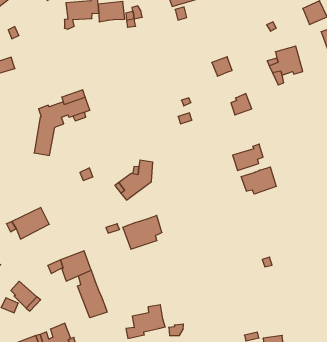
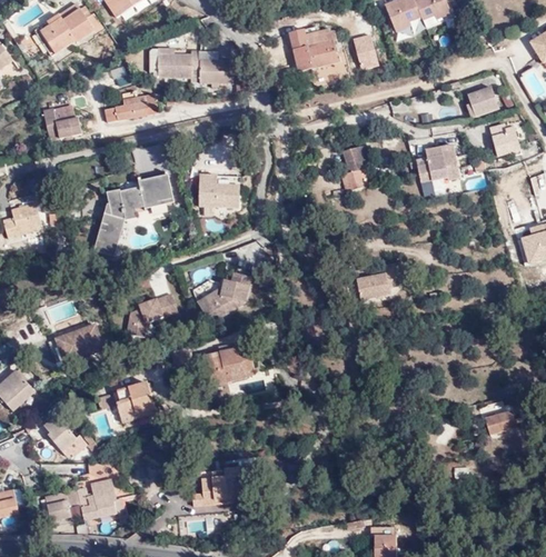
building: none -> [103,97,157,122]
building: none -> [198,169,240,212]
building: [231,94,252,115] -> [340,168,367,195]
building: [241,167,276,194] -> none
building: none -> [125,294,177,336]
building: [77,270,107,318] -> none

